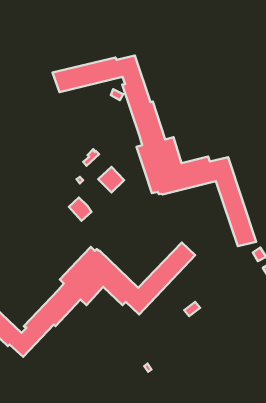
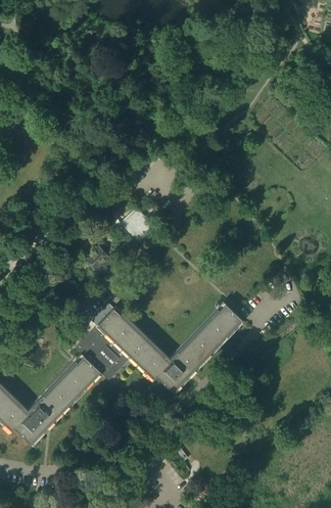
building: [52,55,256,246] -> none

